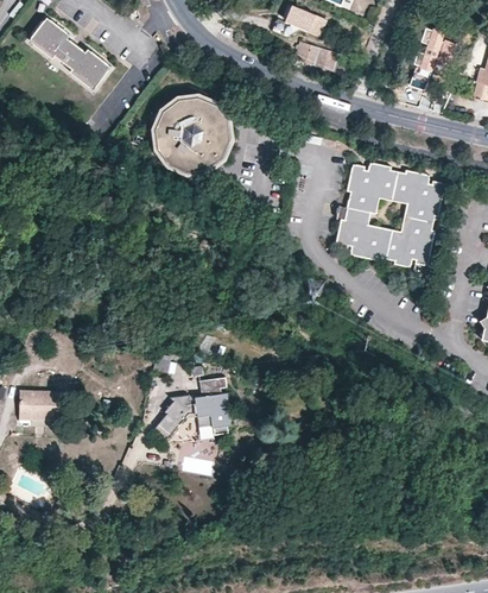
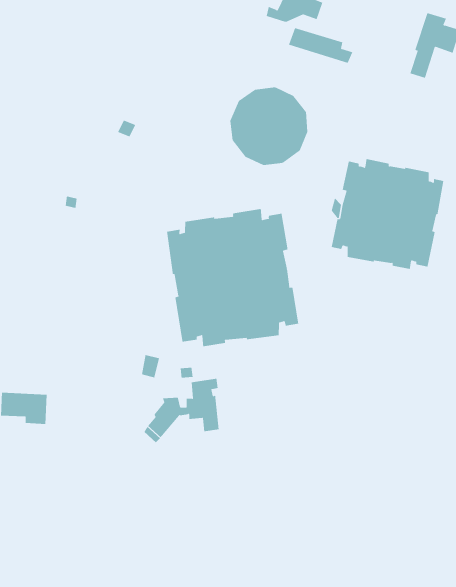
building: [28,21,112,96] -> none
building: [153,95,228,170] -> [229,87,308,166]
building: none -> [167,208,299,347]

